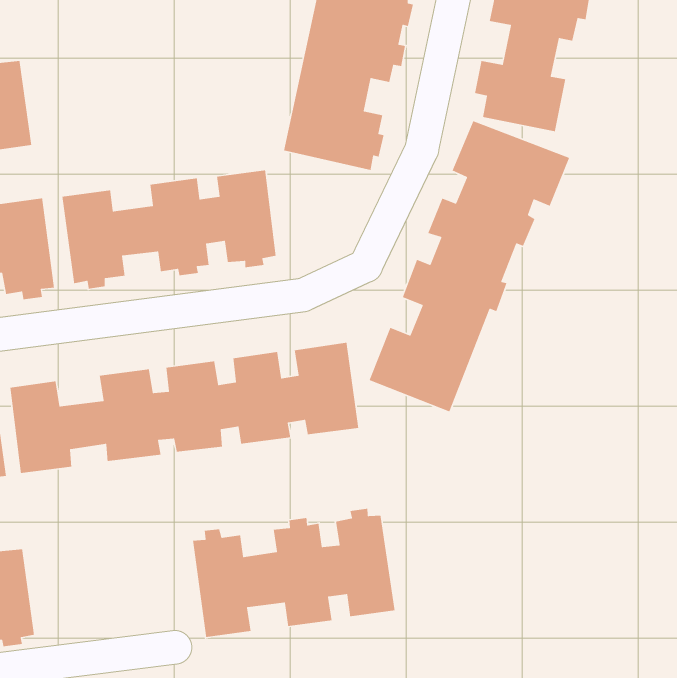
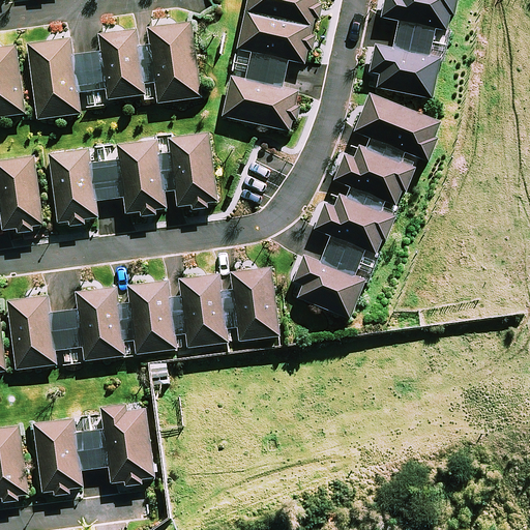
building: none -> [28,22,200,119]
building: [192,508,395,638] -> none
building: none -> [32,404,153,495]

